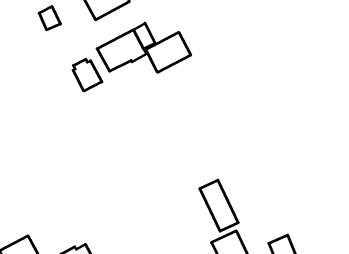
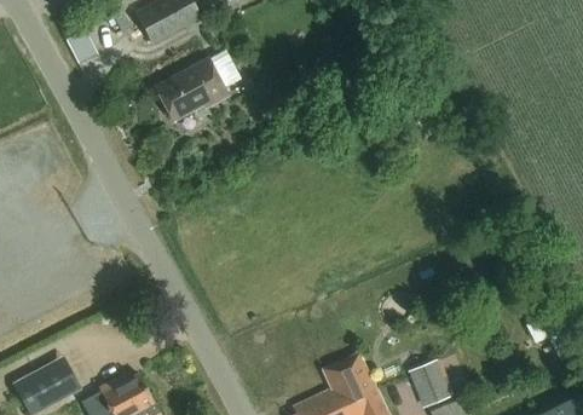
building: [146,32,191,72] -> none
building: [73,59,102,91] -> none
building: [200,180,238,231] -> none

